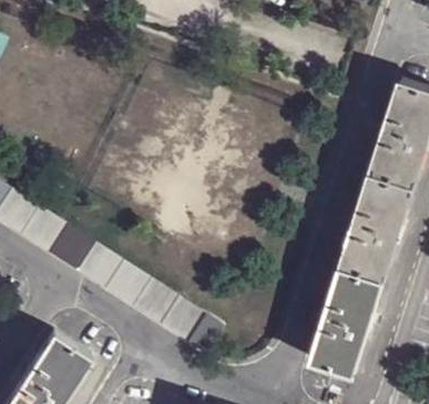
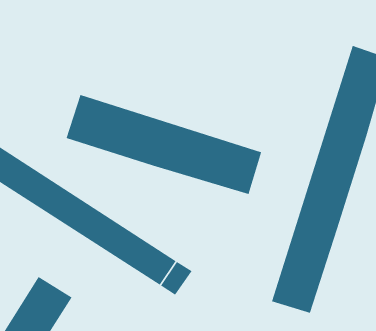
building: none -> [66,94,262,195]

